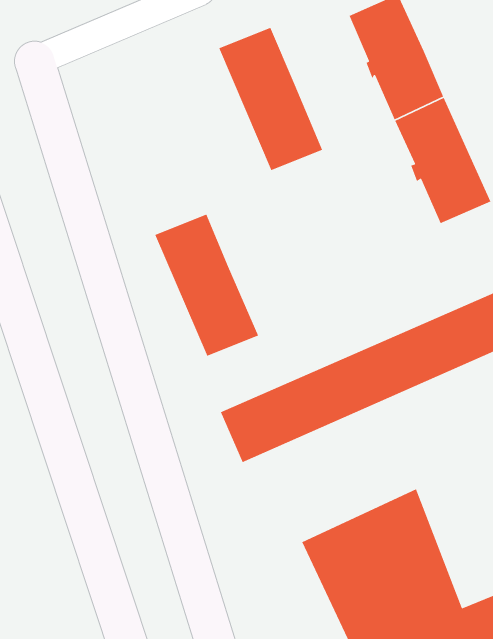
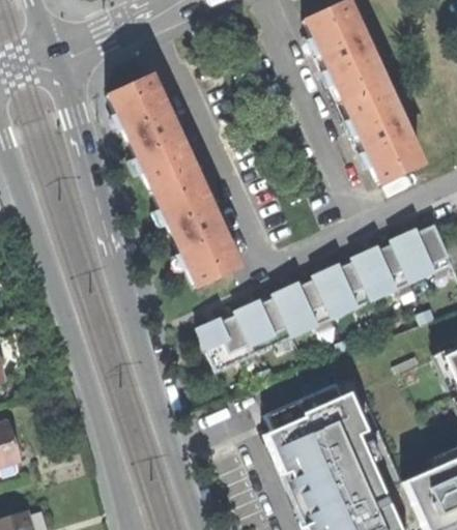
building: [218,27,323,171] -> [110,75,193,188]

